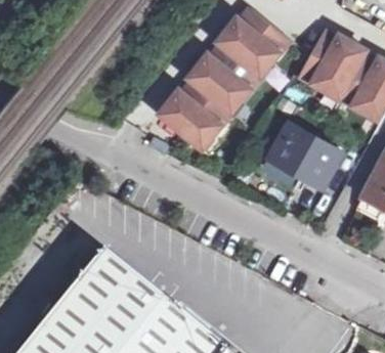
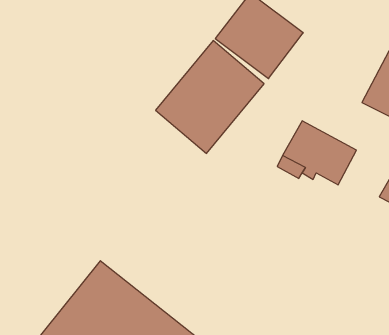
building: [297,26,366,99] -> none

